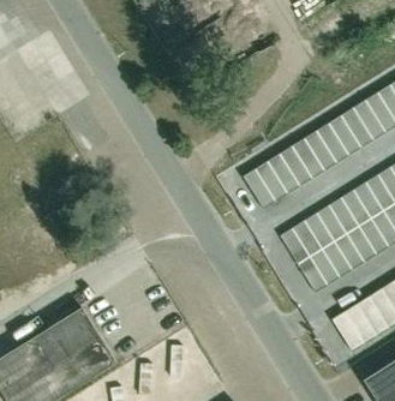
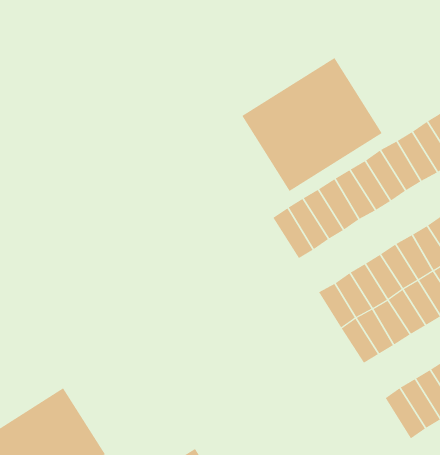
building: none -> [242,57,382,192]

